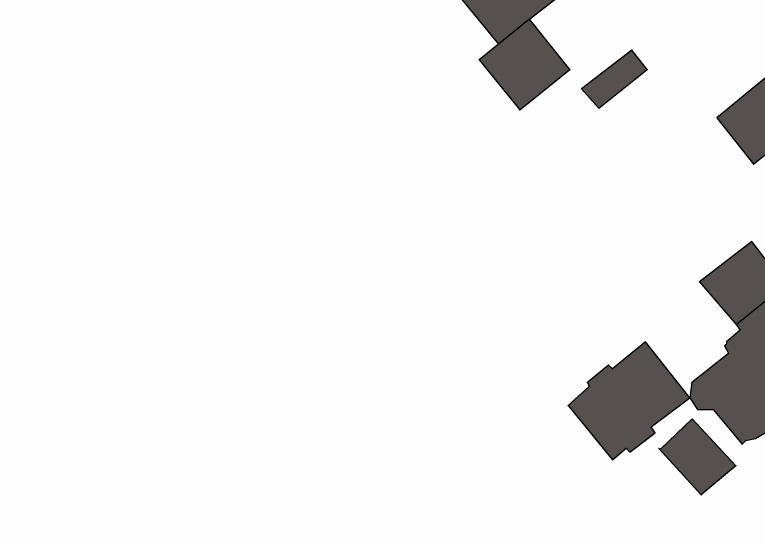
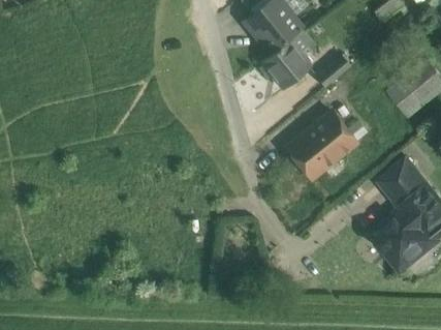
building: [568,342,690,460] -> [291,112,356,175]
building: [659,419,736,495] -> none

